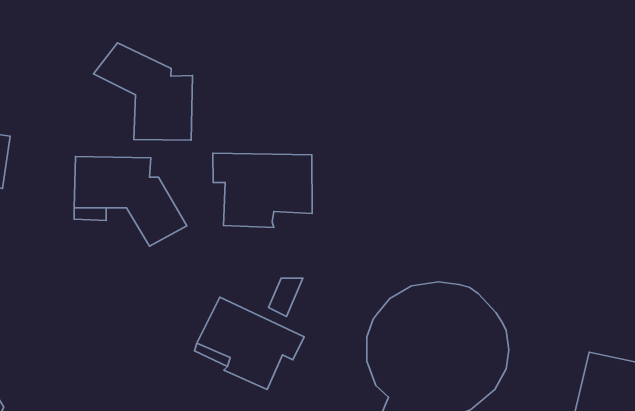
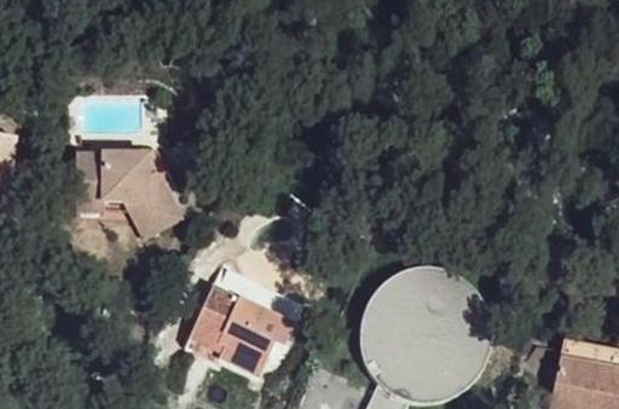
building: [93,43,192,140] -> none
building: [213,153,312,228] -> none

